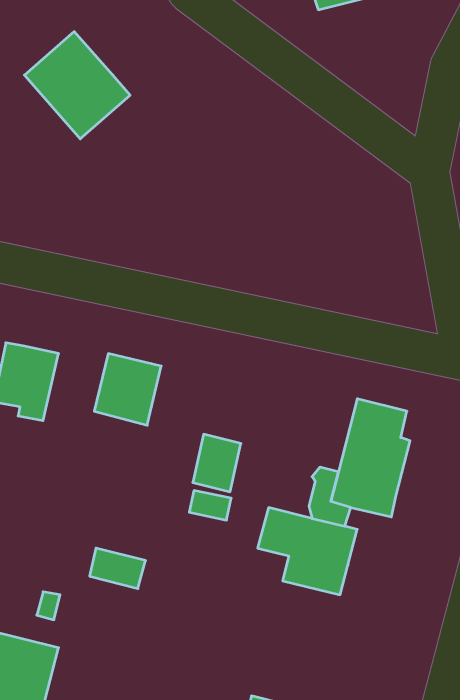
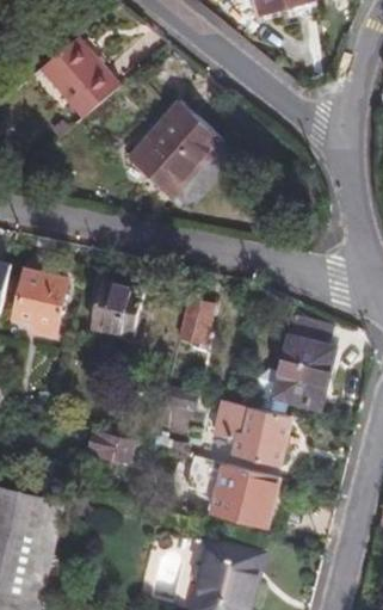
building: none -> [126,107,216,198]
building: [193,434,241,492] -> [178,297,215,341]
building: none -> [211,468,277,529]

